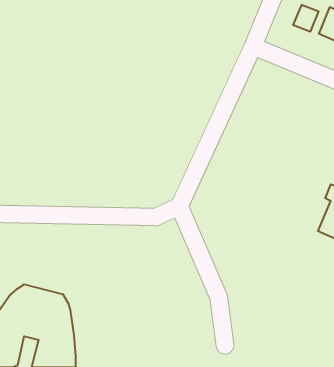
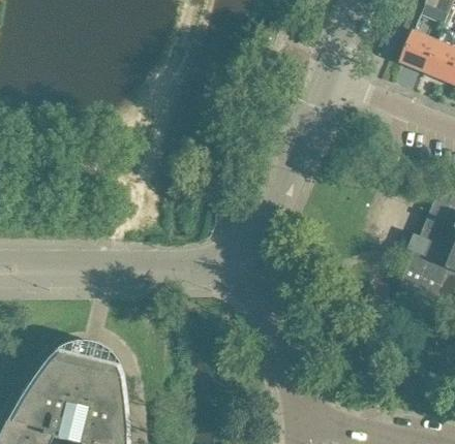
building: [293,5,319,32] -> none

